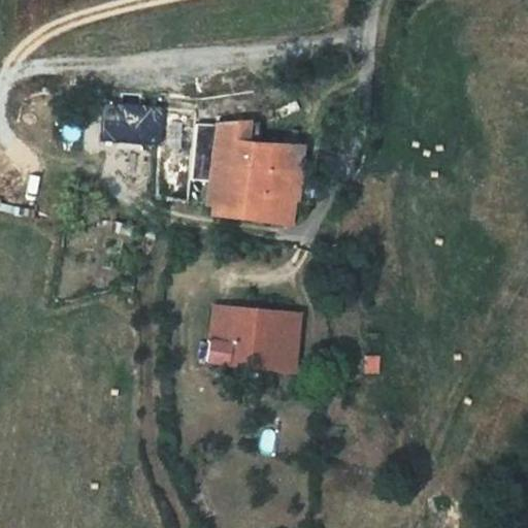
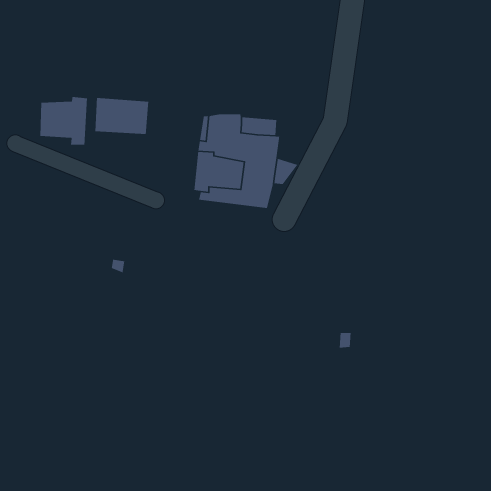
building: none -> [40,96,88,146]
building: [205,306,298,371] -> none

